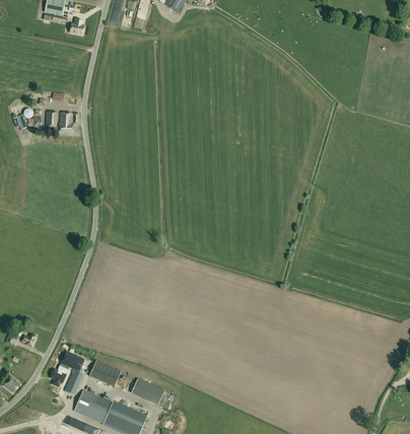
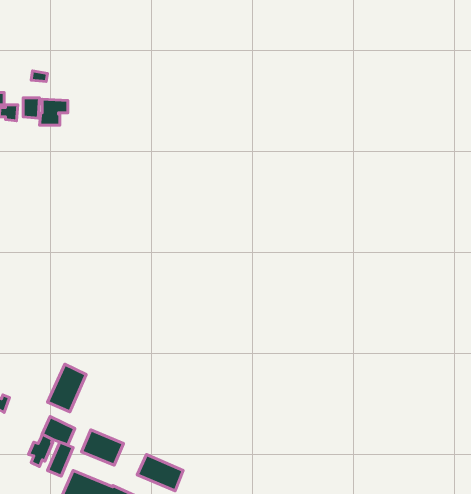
building: none -> [47,364,86,412]

